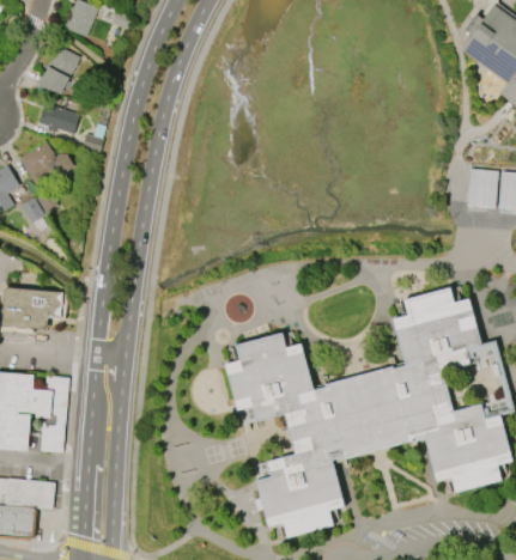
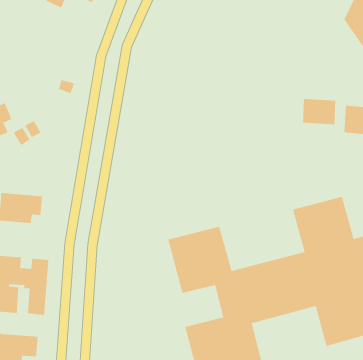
building: [36,44,79,96] -> none
building: [37,102,79,133] -> none
building: [18,140,73,182] -> none
building: none -> [302,98,336,125]

